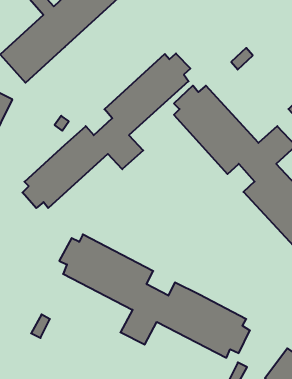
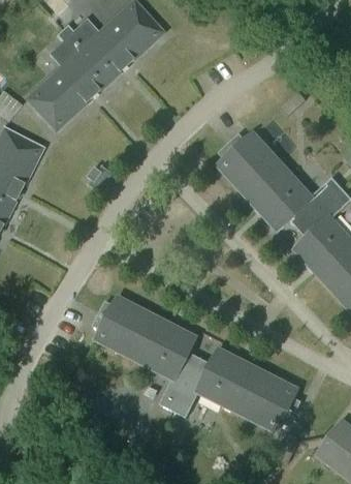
building: [22,53,190,208] -> none

